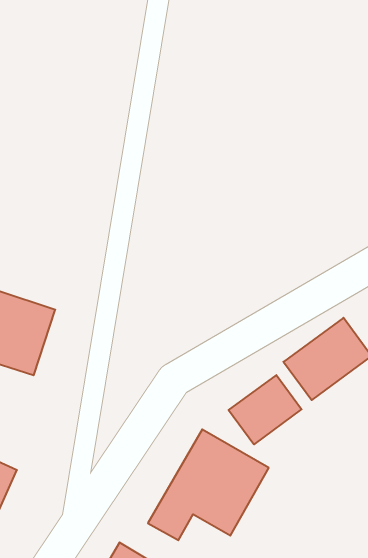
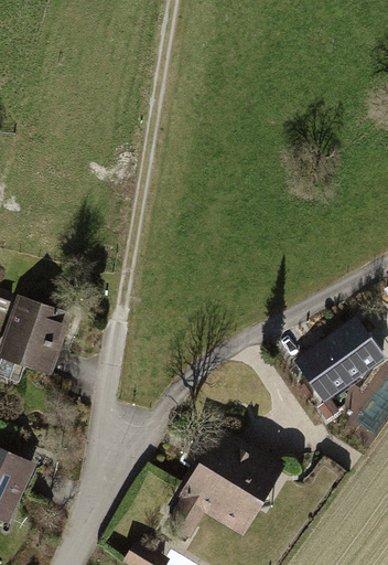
building: [229,375,302,444] -> none

